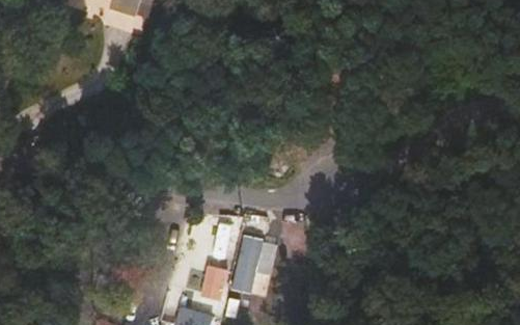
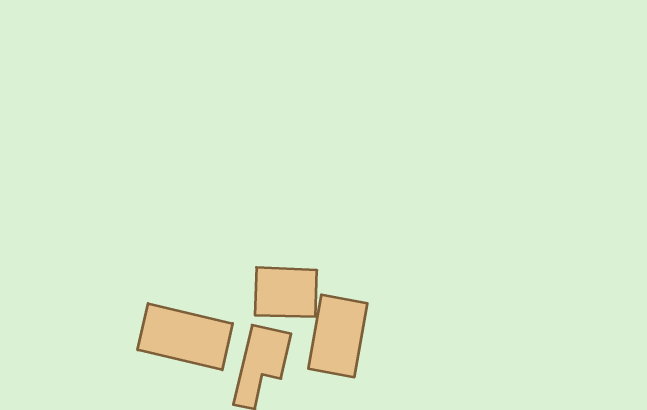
building: none -> [138,303,233,370]

